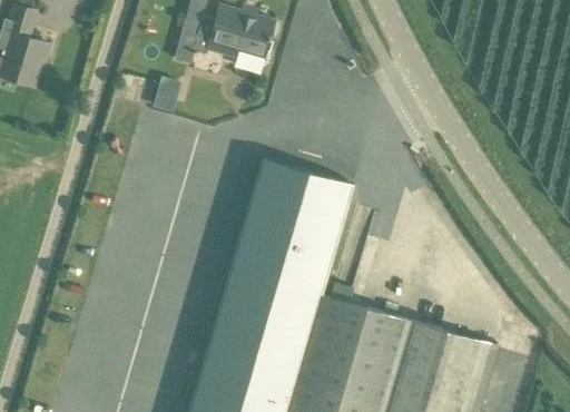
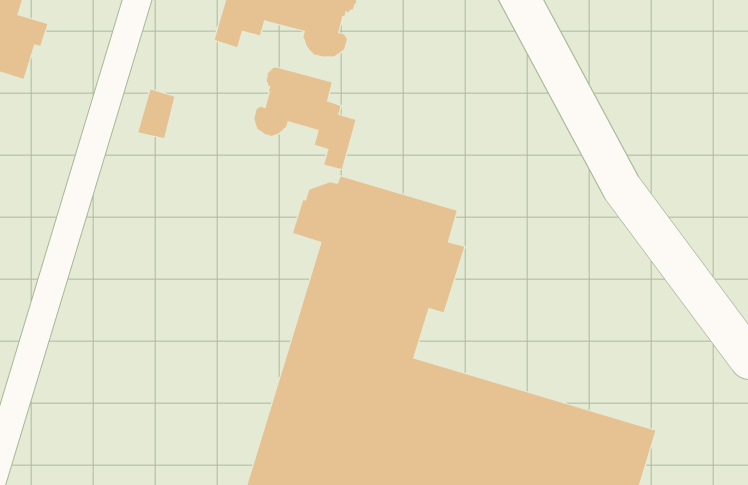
building: [153,76,180,112] -> [138,89,175,139]
building: none -> [254,67,356,170]

